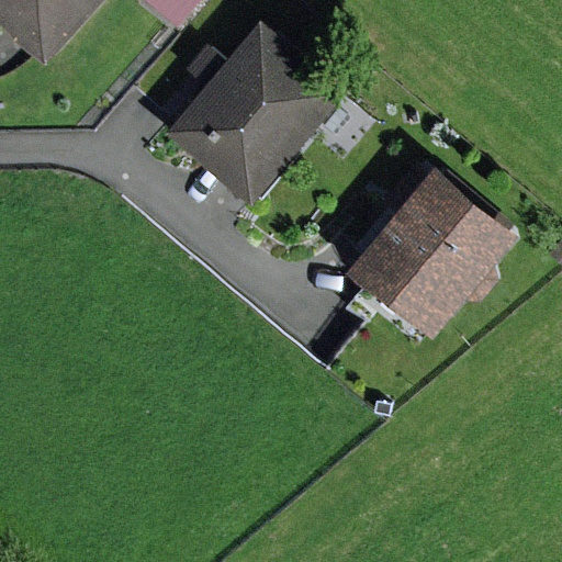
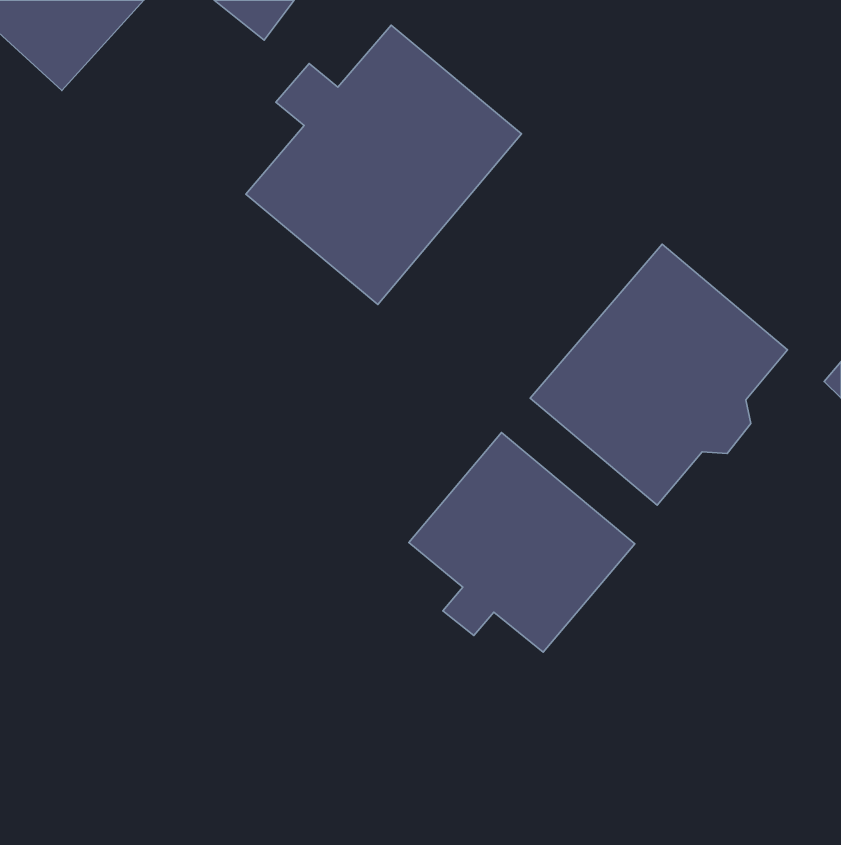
building: none -> [409,432,635,652]

